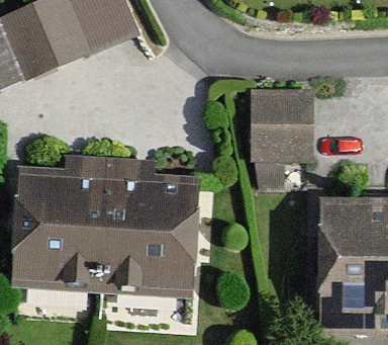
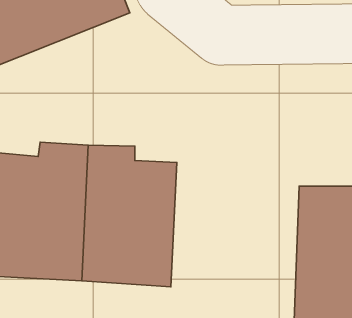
building: [253,85,319,164] -> none

